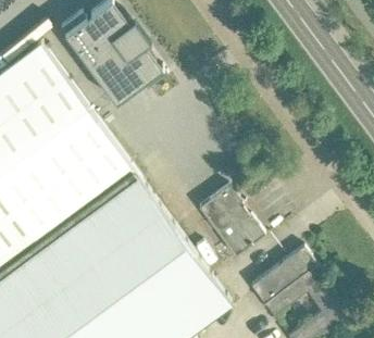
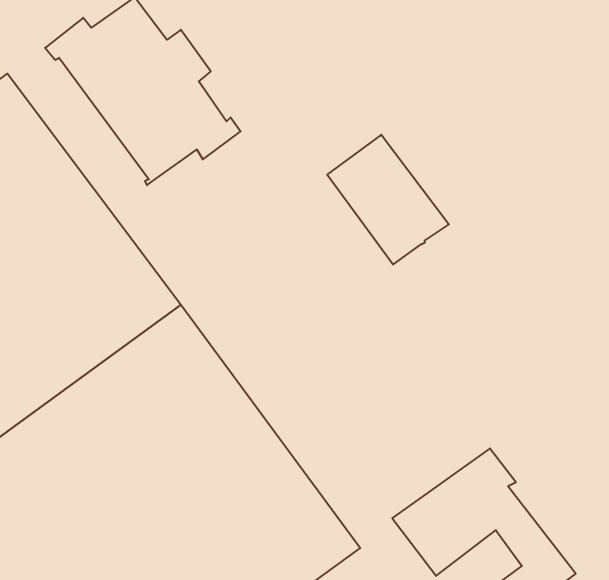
building: [197,188,263,259] -> [327,135,449,264]

